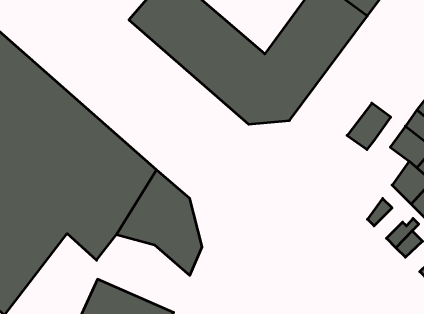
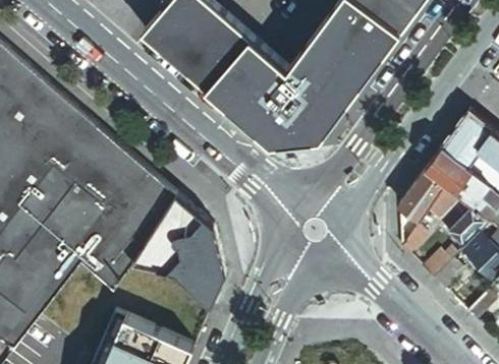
building: [347,103,391,150] -> [399,169,446,219]

